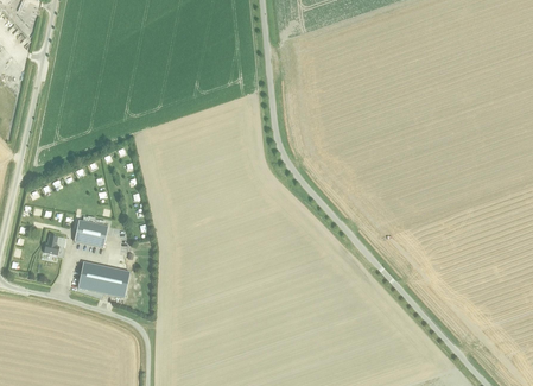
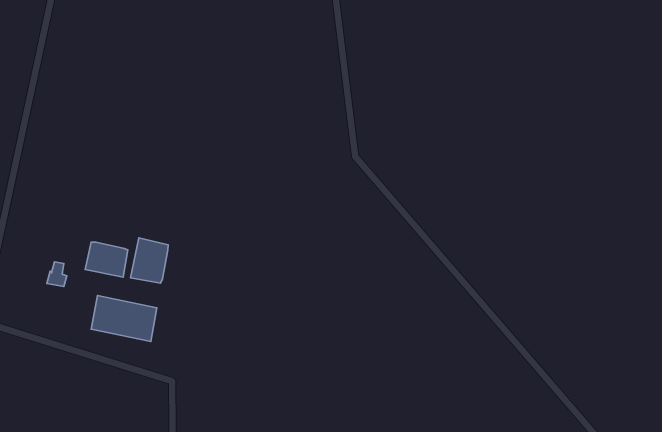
building: none -> [130,238,168,283]

